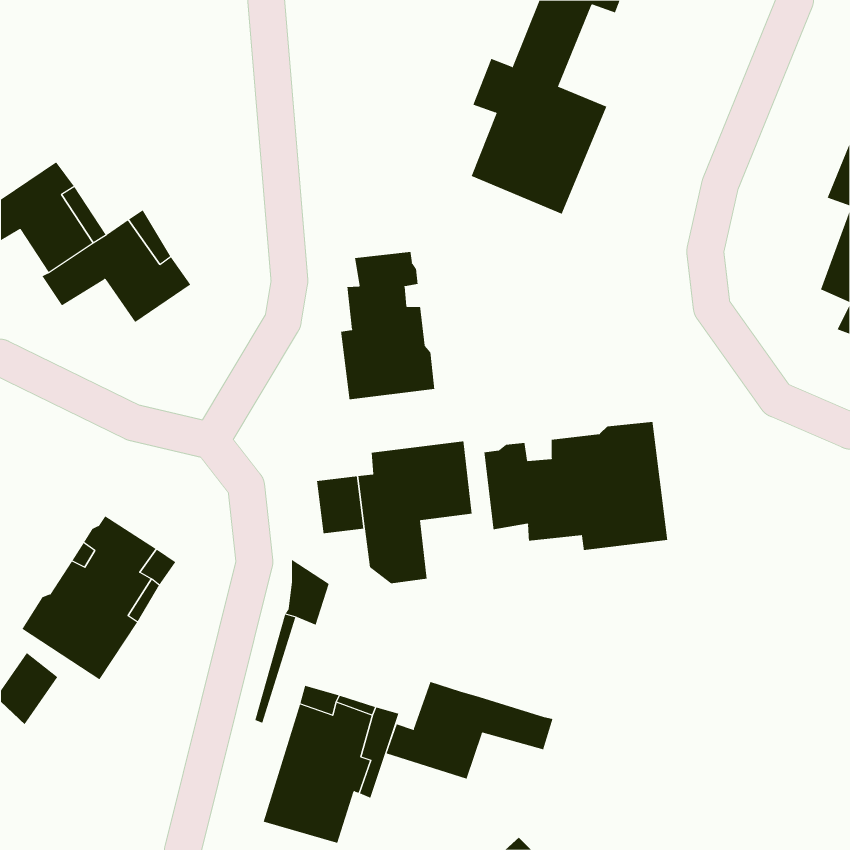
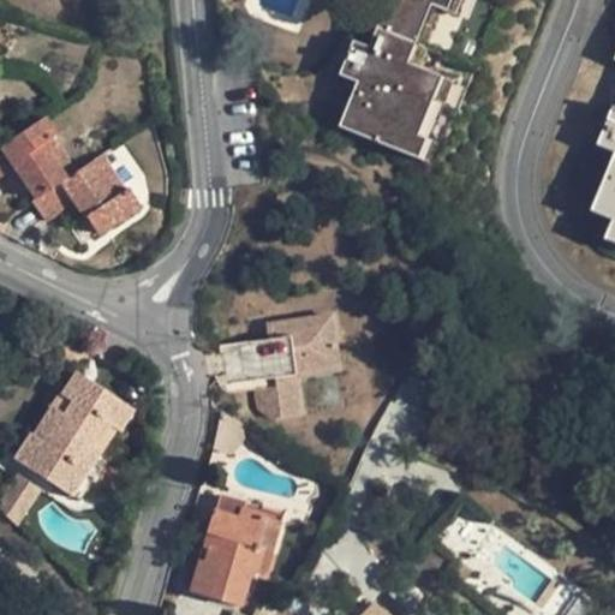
building: [341,251,435,400] -> none
building: [484,421,668,551] -> none
building: [386,681,553,779] -> none

